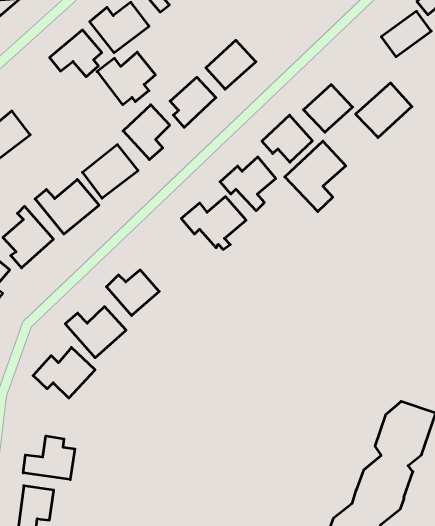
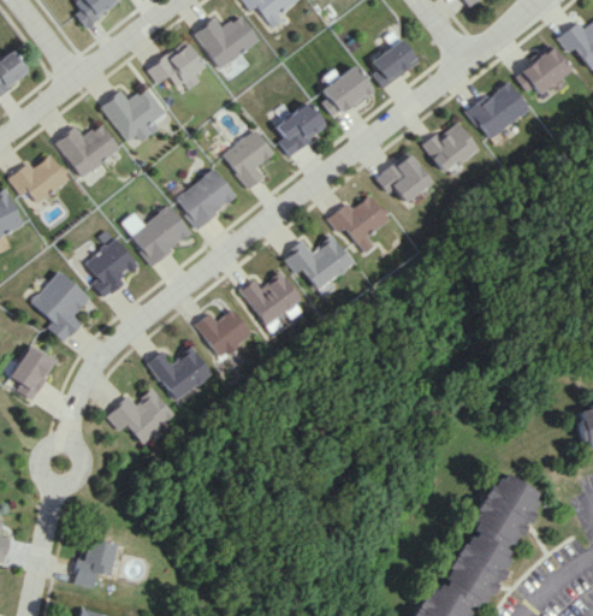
building: none -> [372,40,420,87]
building: [97,52,155,105] -> [103,87,167,143]
building: [356,83,412,138] -> [467,81,529,140]
building: [285,141,346,212] -> none
building: none -> [237,272,300,327]
building: [23,436,75,480] -> none

